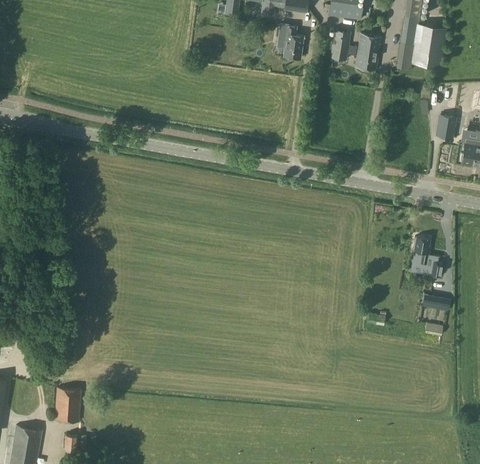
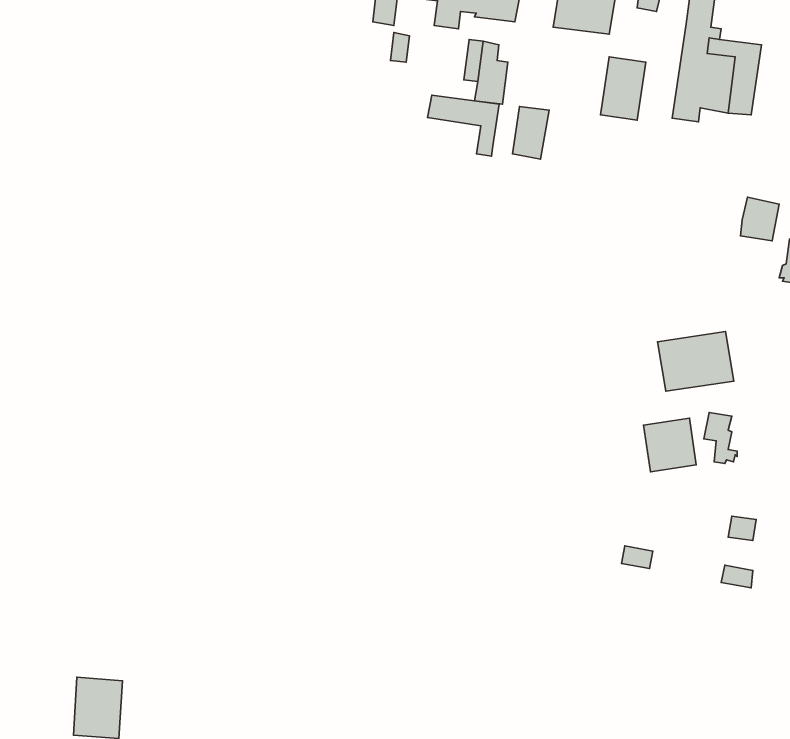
building: [330,31,351,61] -> [512,107,549,159]
building: none -> [427,95,499,156]
building: none -> [657,332,734,391]
building: none -> [644,418,696,472]

